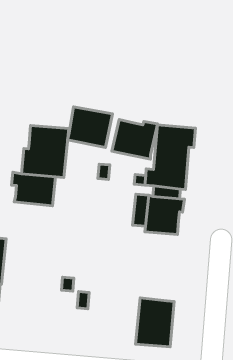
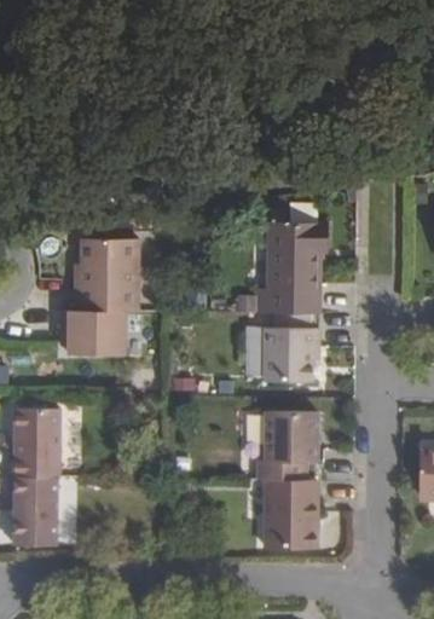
building: [68,107,112,148] -> none
building: [112,119,158,159] -> none
building: none -> [257,412,318,481]

